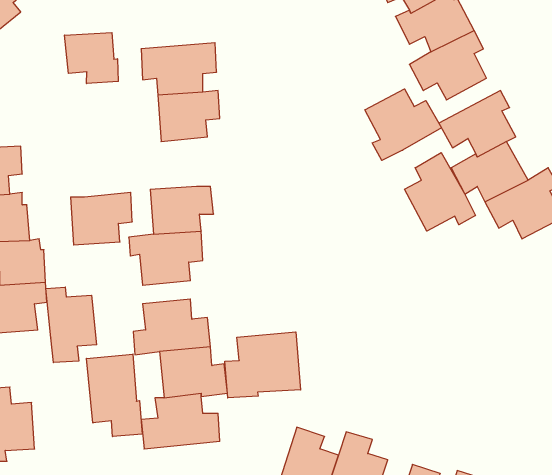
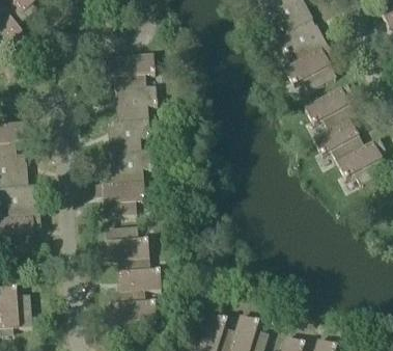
building: [65,33,118,84] -> none
building: [365,89,441,160] -> none
building: [405,153,475,231] -> none
building: [71,192,132,245] -> [108,115,149,151]
building: [46,287,97,363] -> none
building: [225,332,301,398] -> none
building: [86,354,142,437] -> none

